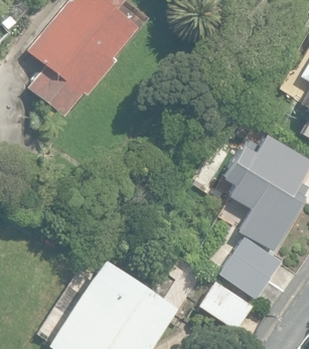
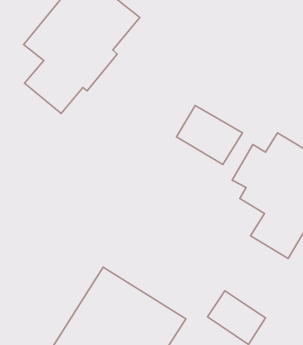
building: none -> [177,105,243,165]
building: [219,235,284,299] -> none

